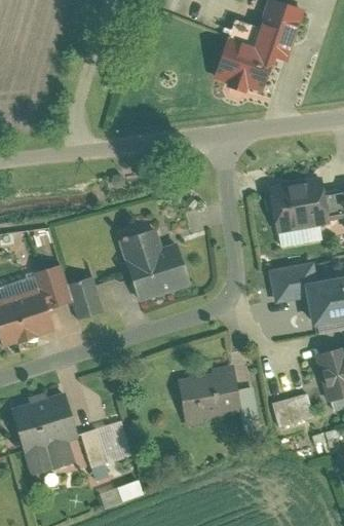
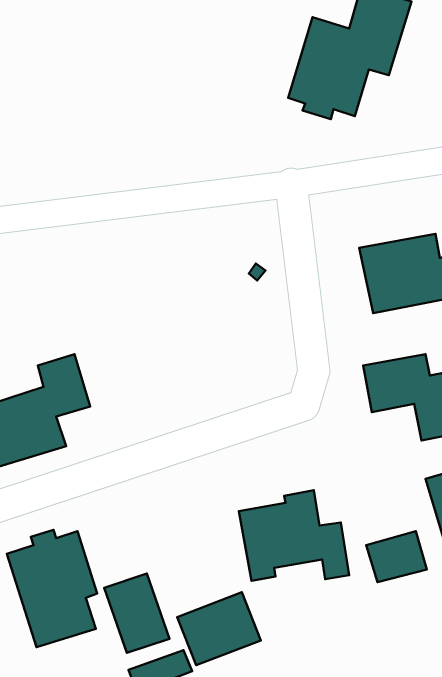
building: [120,227,190,302] -> none
building: [68,275,107,324] -> none
building: none -> [177,592,261,665]

